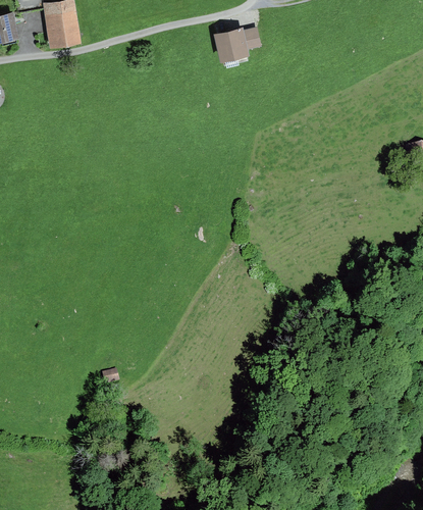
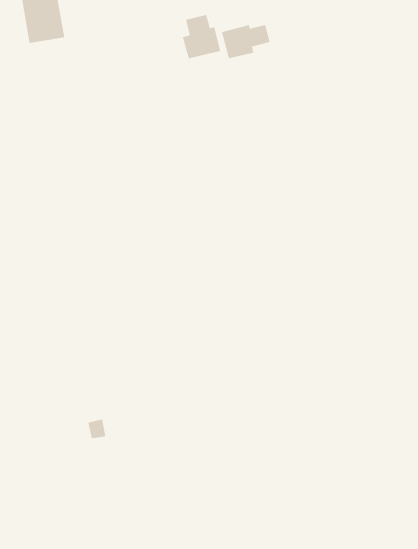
building: none -> [182,14,221,59]

